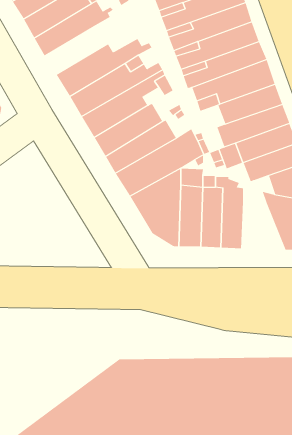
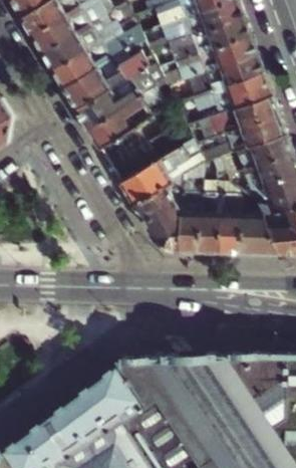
building: none -> [48,26,140,88]
building: none -> [237,210,278,256]

